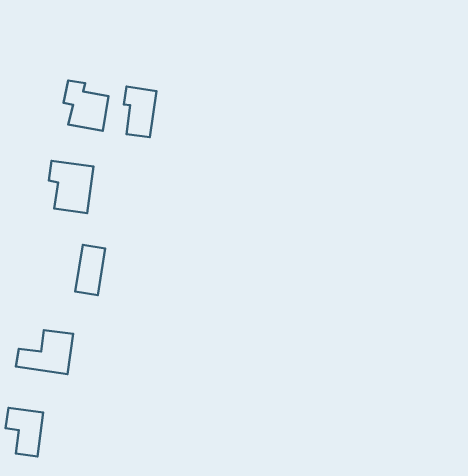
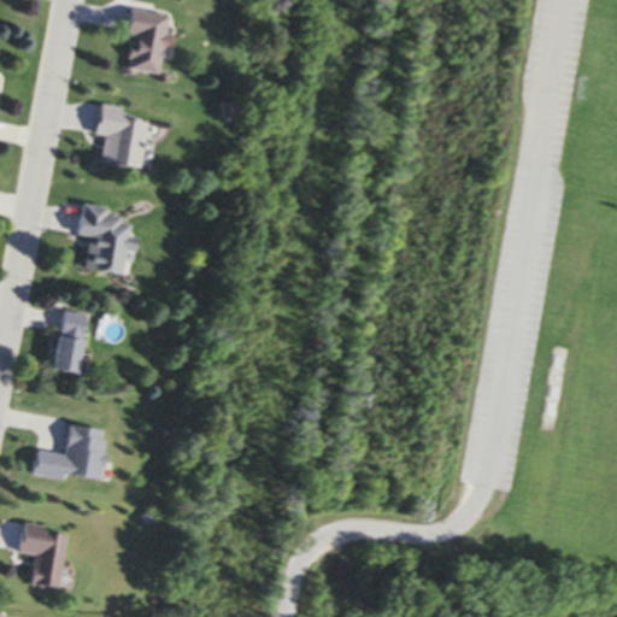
building: [124,87,156,137] -> [124,7,166,72]
building: [75,245,105,295] -> [52,308,90,374]

